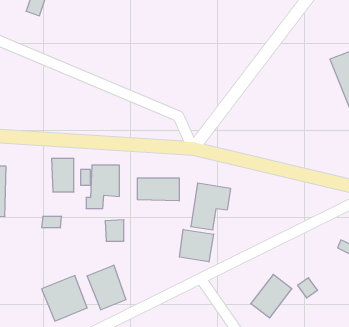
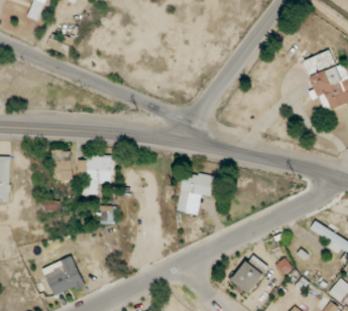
building: [137,178,179,201] -> none
building: [180,229,214,262] -> none
building: [87,265,126,310] -> none

